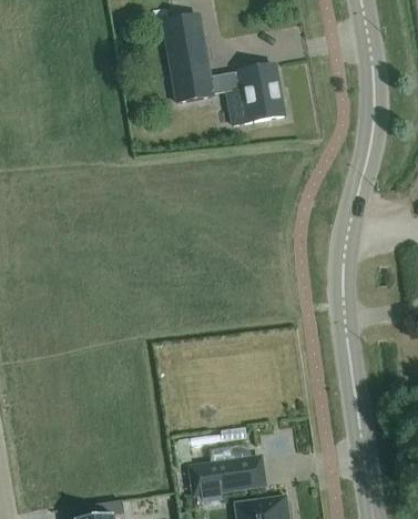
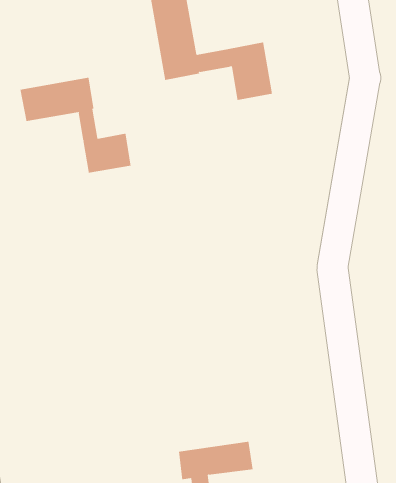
building: none -> [20,77,131,174]

